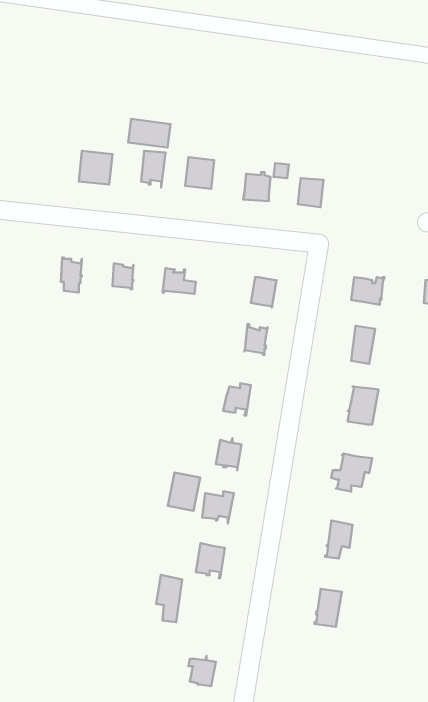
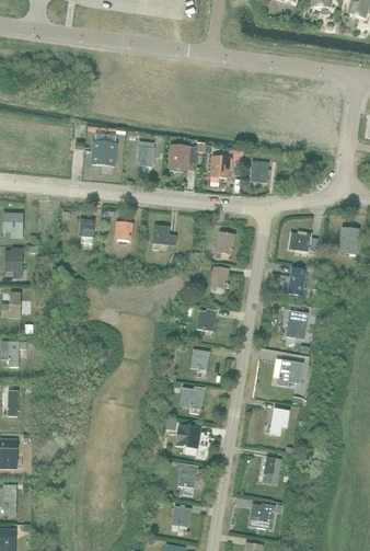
building: [128,119,171,148] -> none
building: [168,472,200,511] -> none
building: [156,575,182,622] -> [178,463,197,497]
building: none -> [250,503,275,528]

